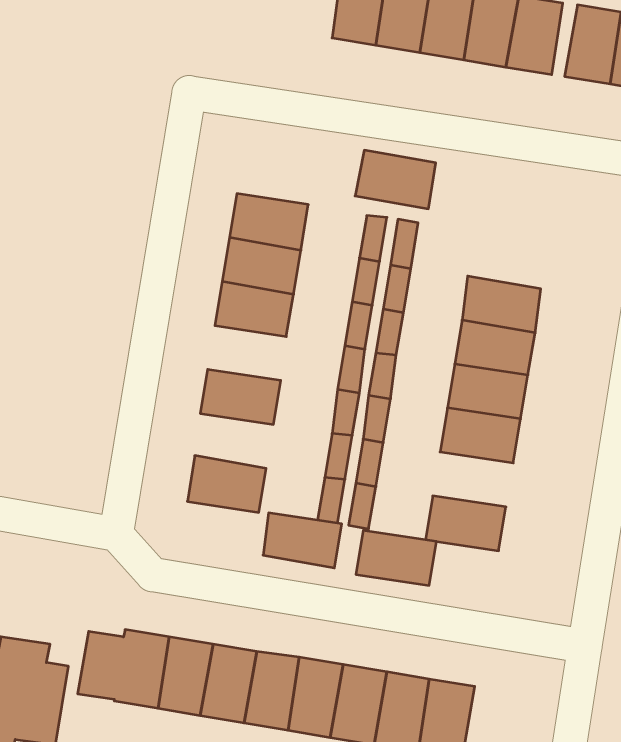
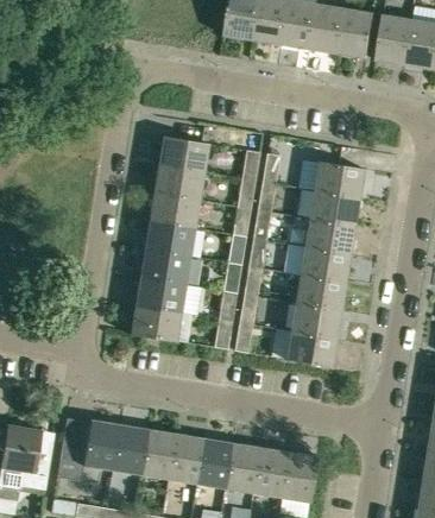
building: [355,150,436,209] -> [311,160,364,198]
building: none -> [143,222,194,258]
building: [263,513,342,568] -> [134,279,185,315]
building: [356,530,436,585] -> [289,304,341,340]

